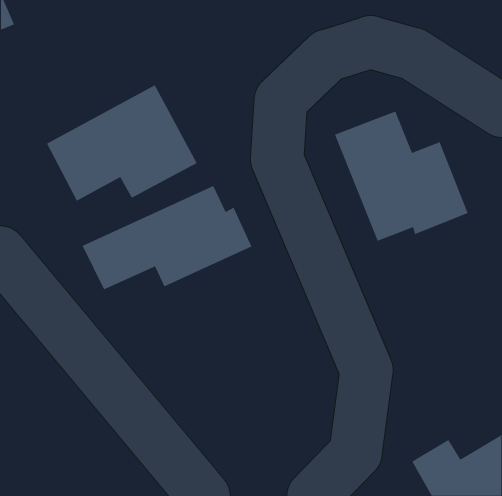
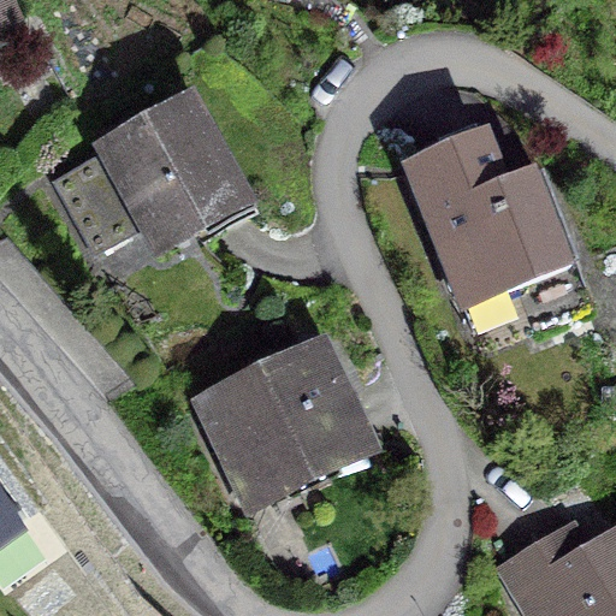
building: [82,185,252,290] -> none
building: none -> [207,346,367,497]

